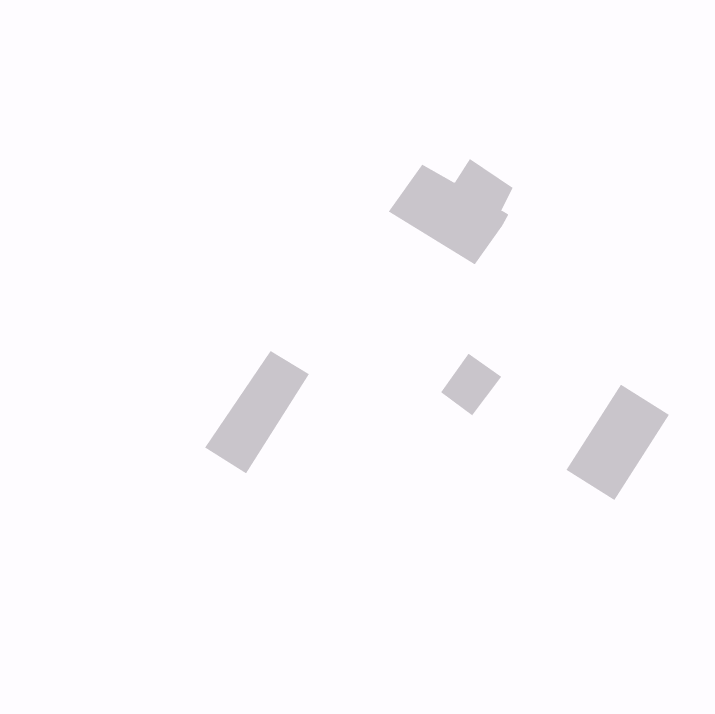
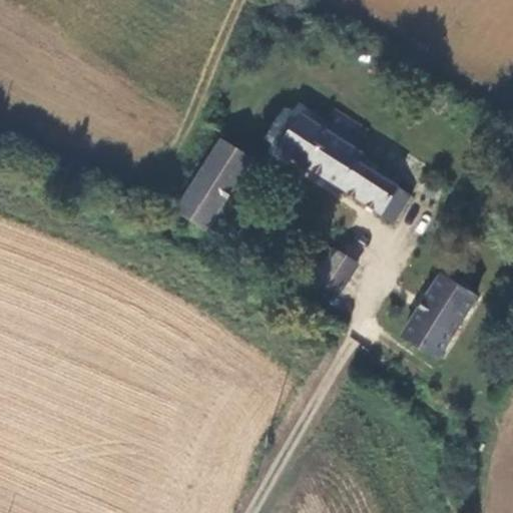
building: none -> [338,161,410,222]
building: [204,350,310,474] -> [171,142,246,230]

